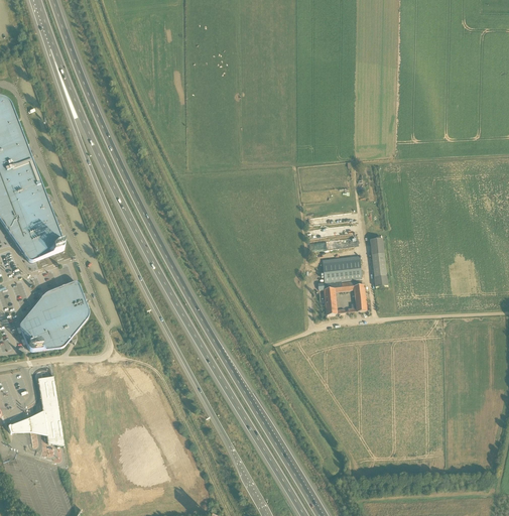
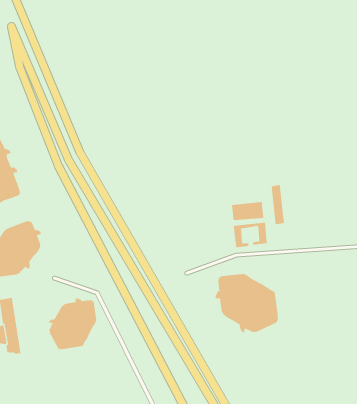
building: none -> [215,273,279,334]
building: none -> [48,298,97,350]

